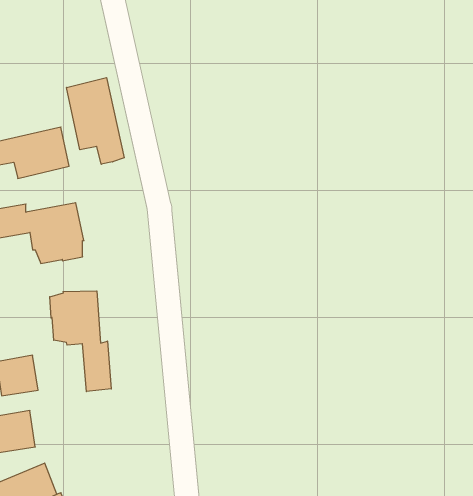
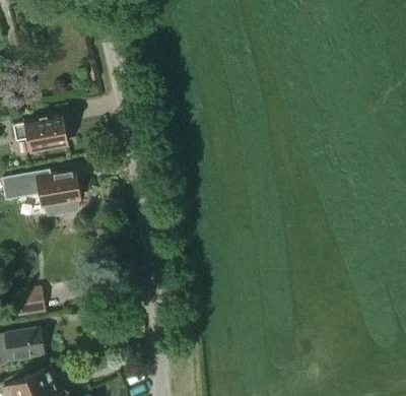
building: [67,78,124,164] -> none
building: [50,291,111,392] -> none

